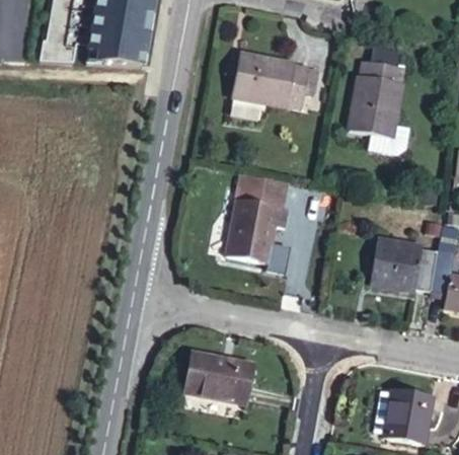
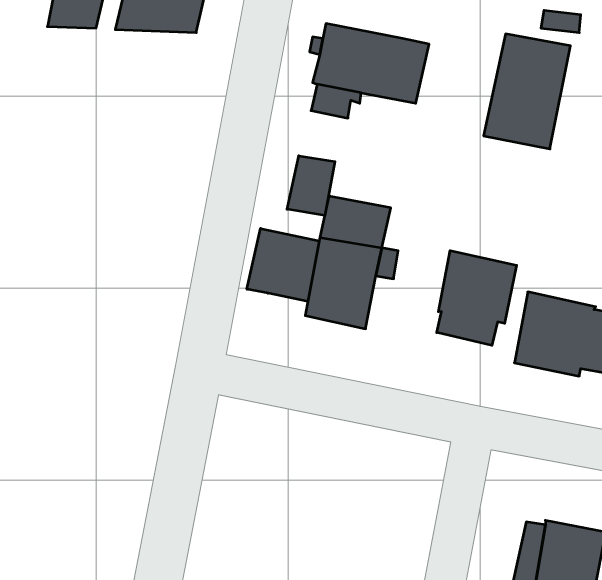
building: none -> [287,156,335,216]
building: none -> [247,228,319,302]
building: none -> [437,251,517,345]
building: [172,353,245,407] -> none

